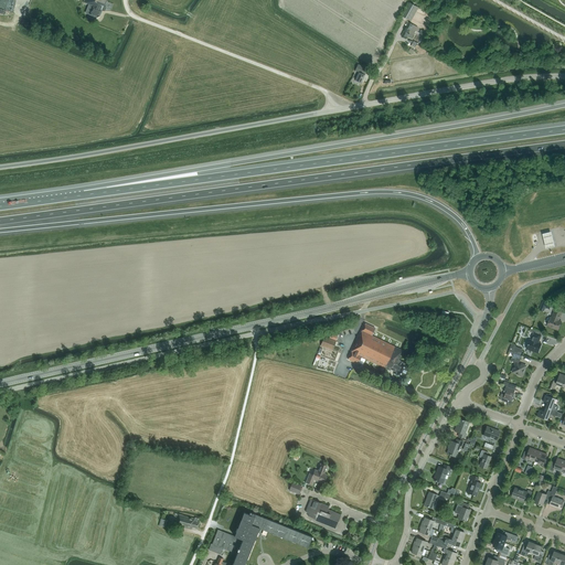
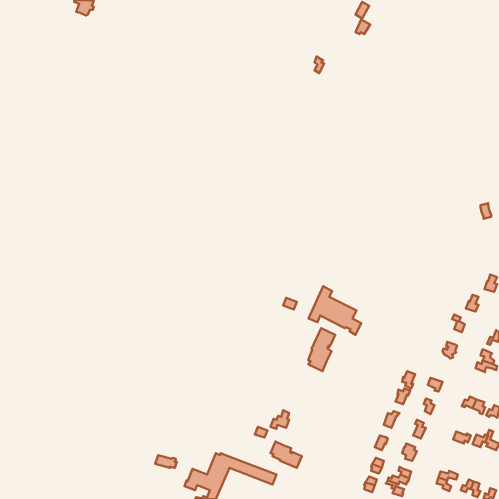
building: none -> [308,328,335,371]

